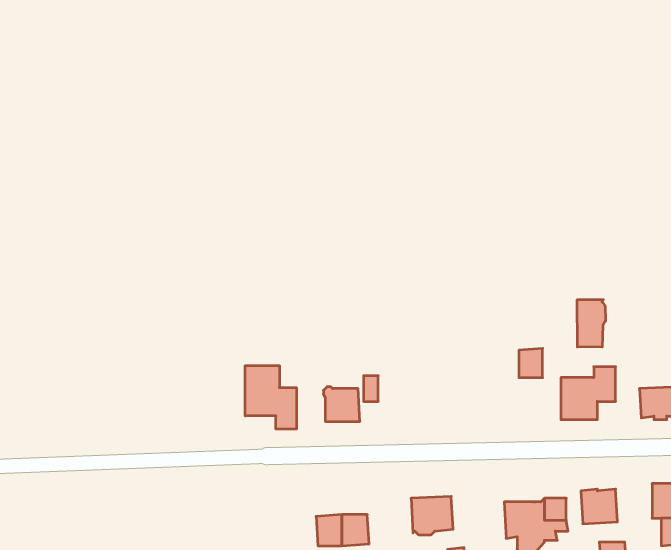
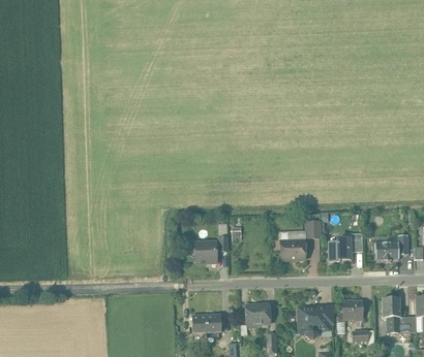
building: [577,300,606,347] -> none
building: [245,366,296,429] -> none
building: none -> [280,240,305,260]

